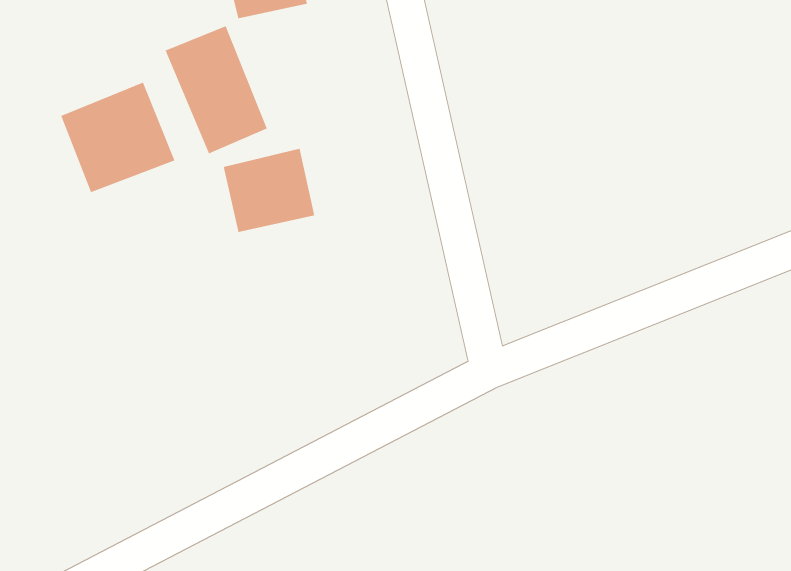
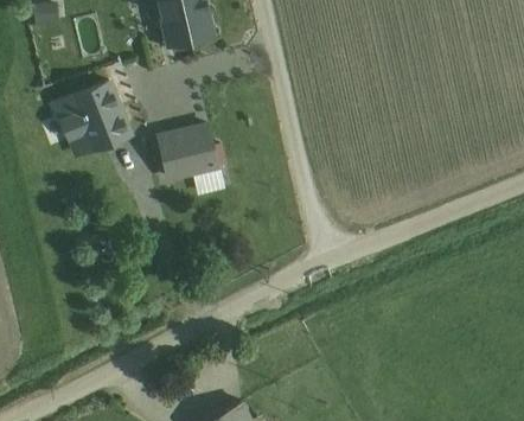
building: [165,25,268,154] -> none

